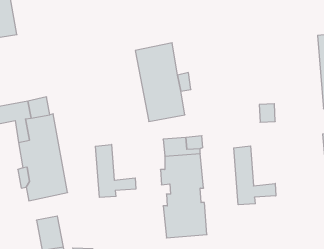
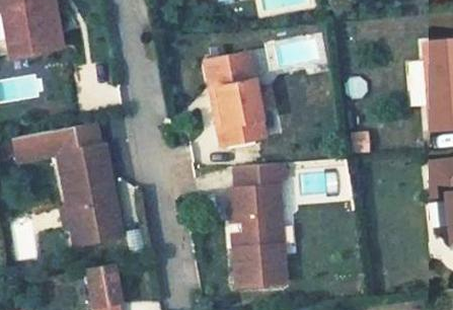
building: [95,144,136,197] -> none
building: [234,146,276,205] -> none

